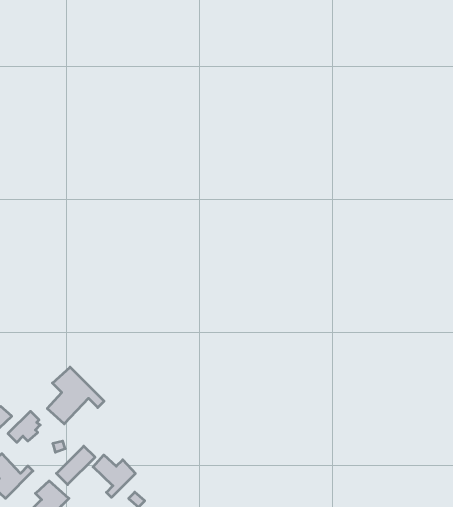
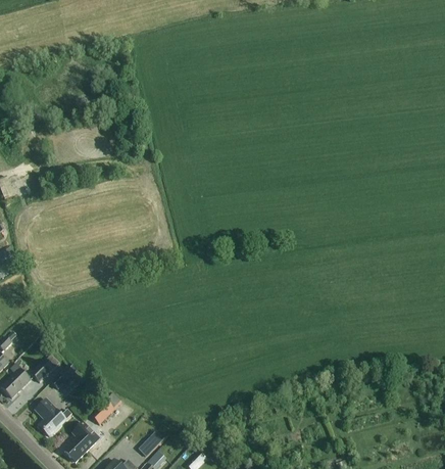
building: [47,367,104,424] -> none
building: [93,455,135,497] -> none

